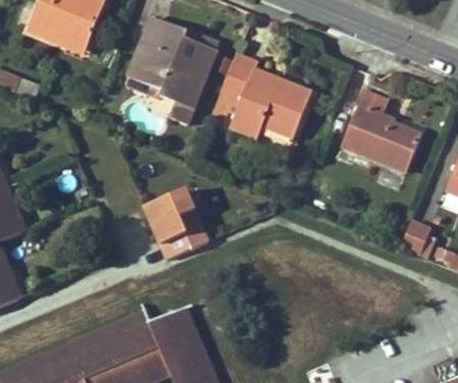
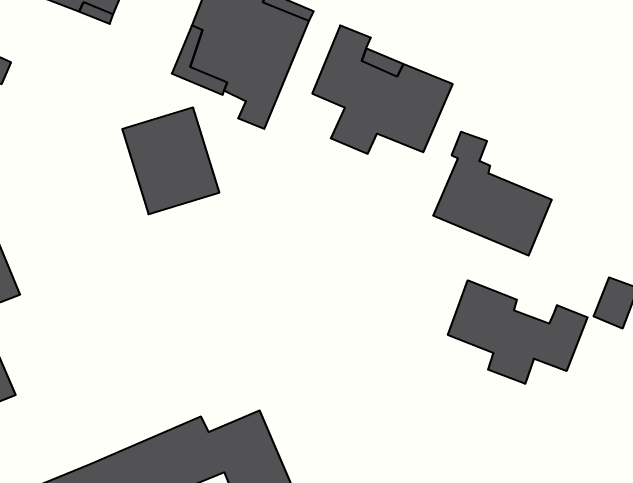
building: [343,90,421,171] -> [433,132,552,256]
building: [144,188,208,259] -> [122,108,219,214]
building: none -> [448,280,588,384]

